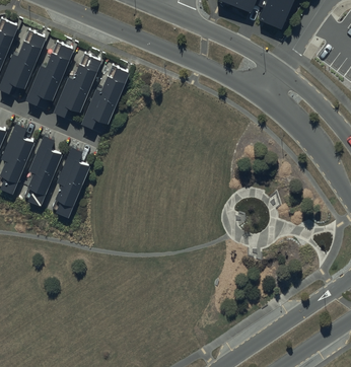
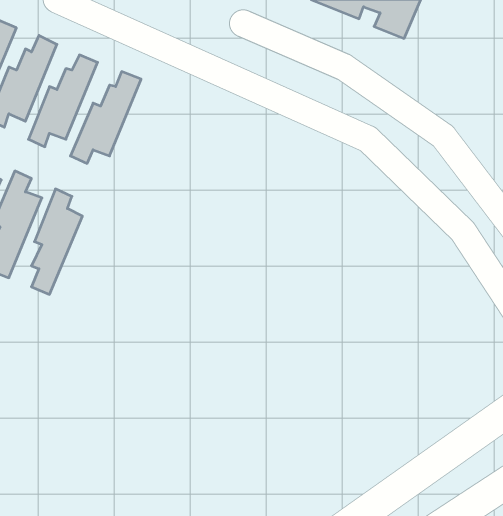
building: [81,63,130,124] -> none
building: [57,141,92,213] -> none

